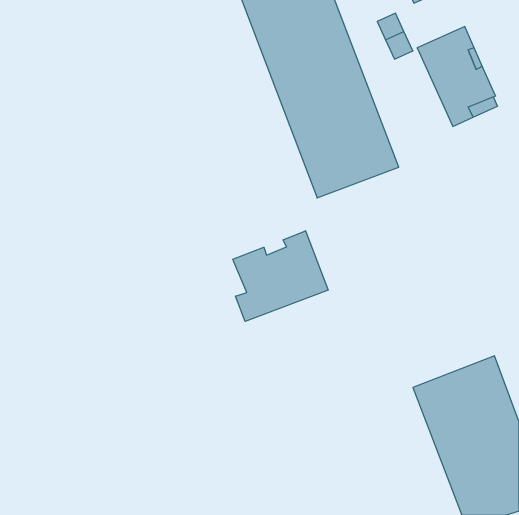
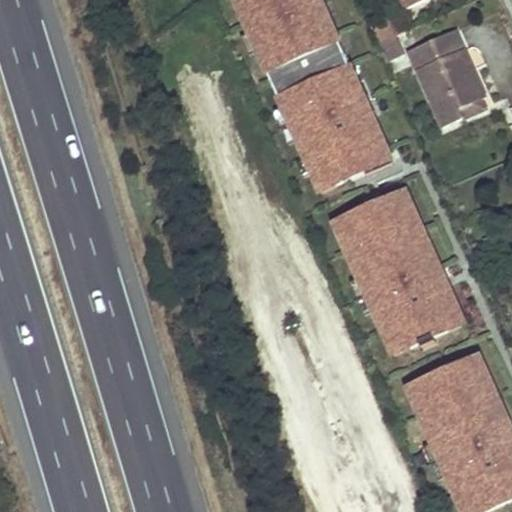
building: none -> [331,185,465,356]
building: [233,231,328,321] -> none

